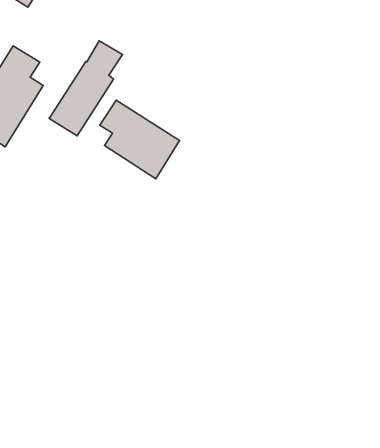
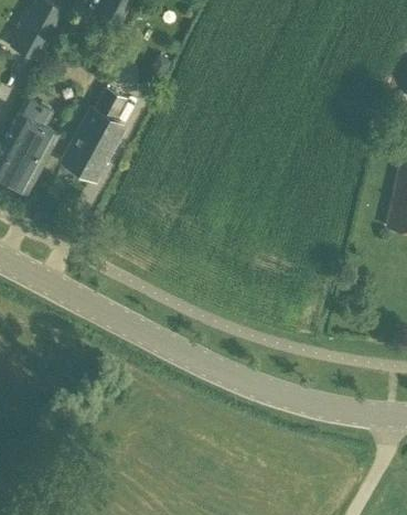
building: [100,100,180,179] -> none

